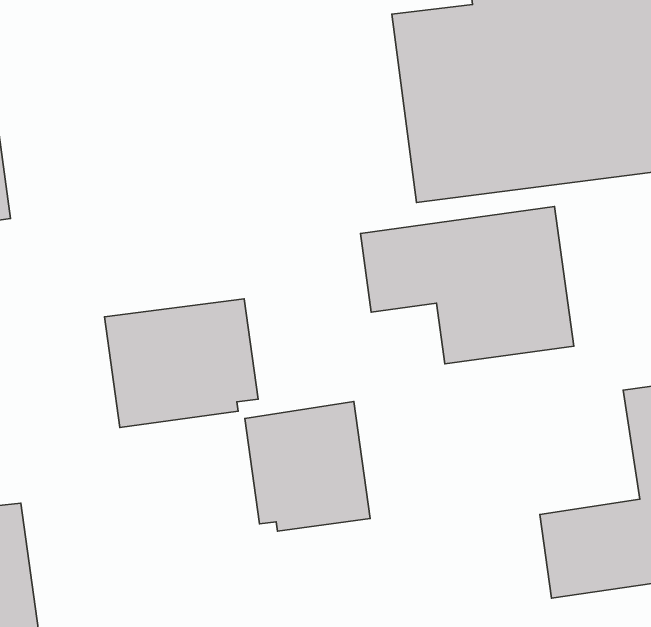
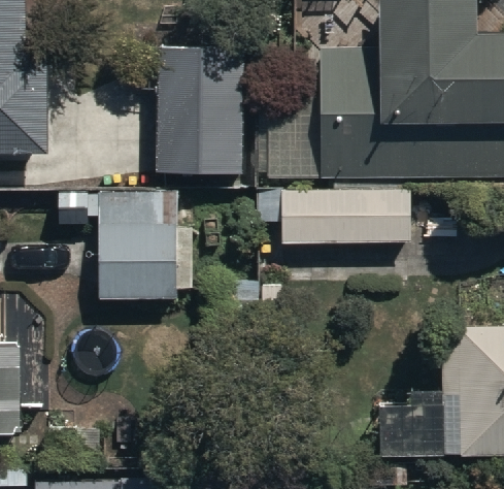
building: none -> [157,45,244,178]
building: [245,402,370,531] -> none

